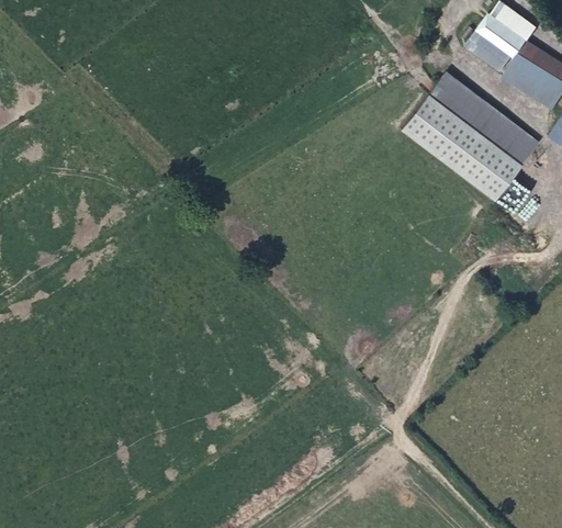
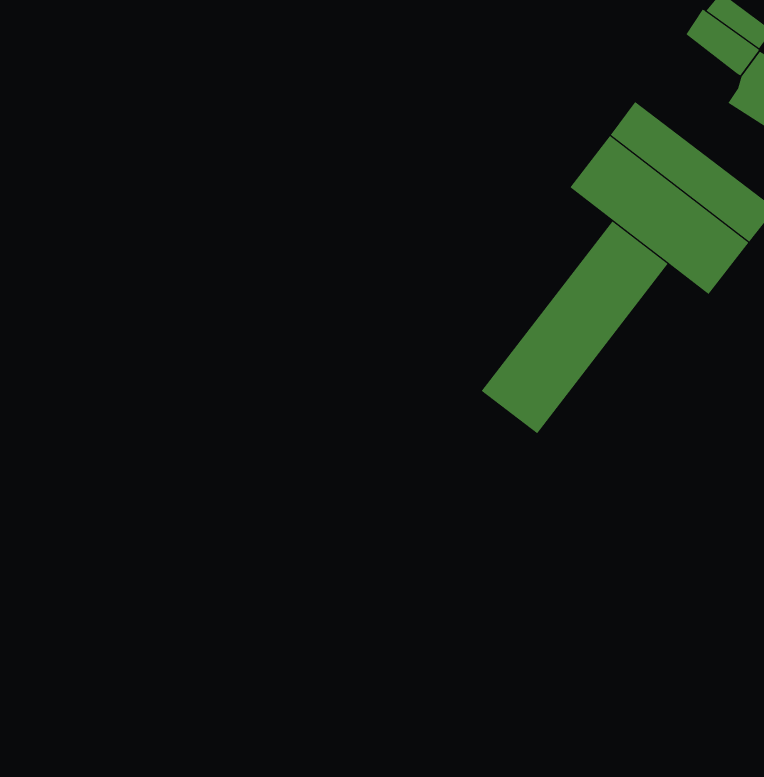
building: [468,30,513,70] -> none
building: none -> [481,220,669,434]

